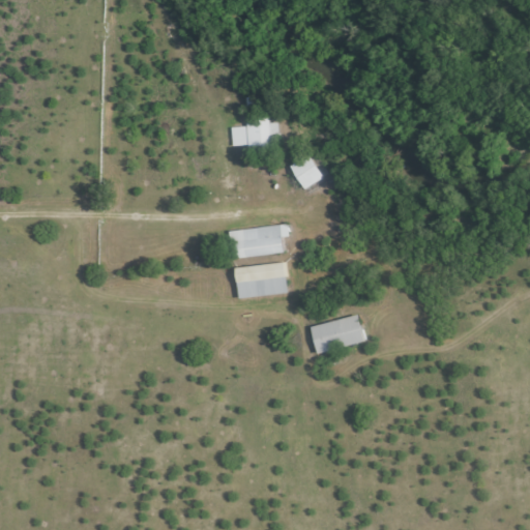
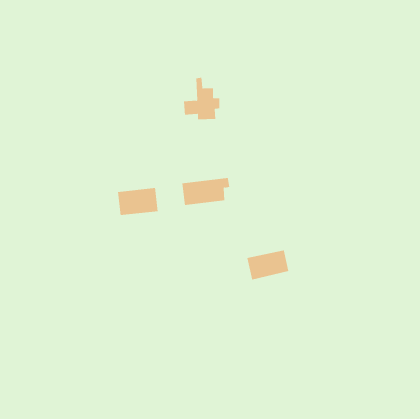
building: [292,153,326,188] -> none
building: [236,263,288,298] -> [117,188,158,216]

